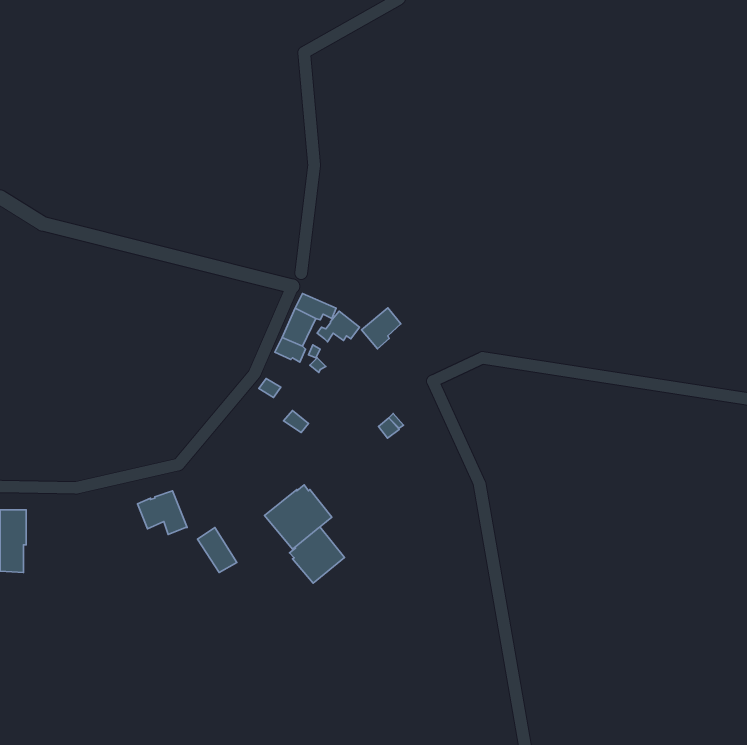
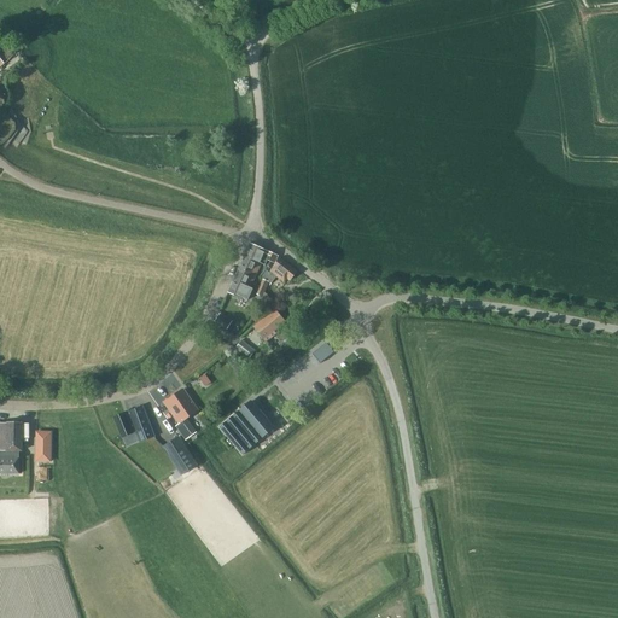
building: [361,308,401,349] -> [252,308,285,342]
building: none -> [163,389,198,439]
building: none -> [35,430,52,461]
building: [290,527,345,583] -> none

